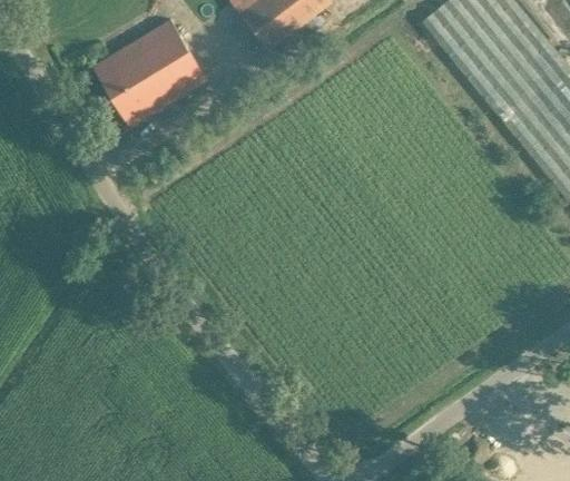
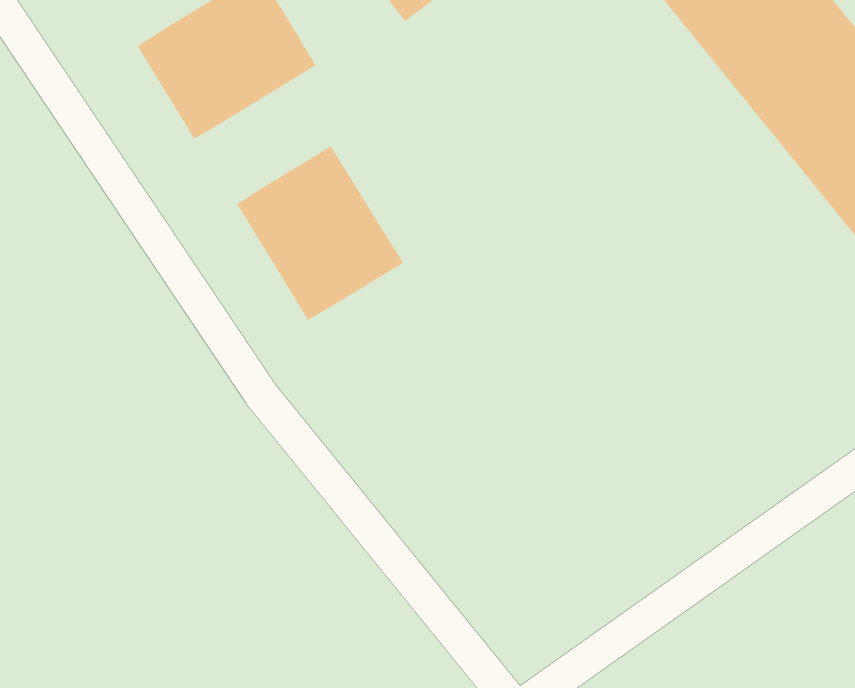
building: none -> [236,145,404,320]

